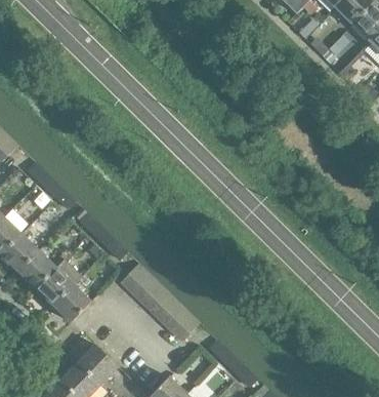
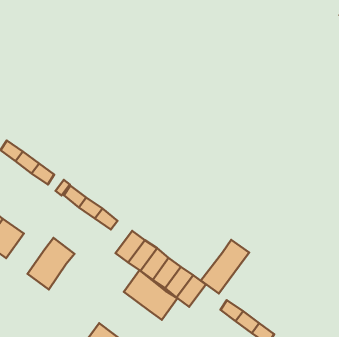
building: [18,251,55,289] -> none
building: [53,285,90,323] -> none
building: none -> [201,240,249,293]
building: none -> [124,270,177,320]

